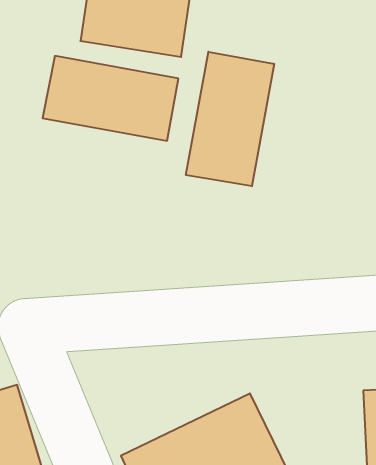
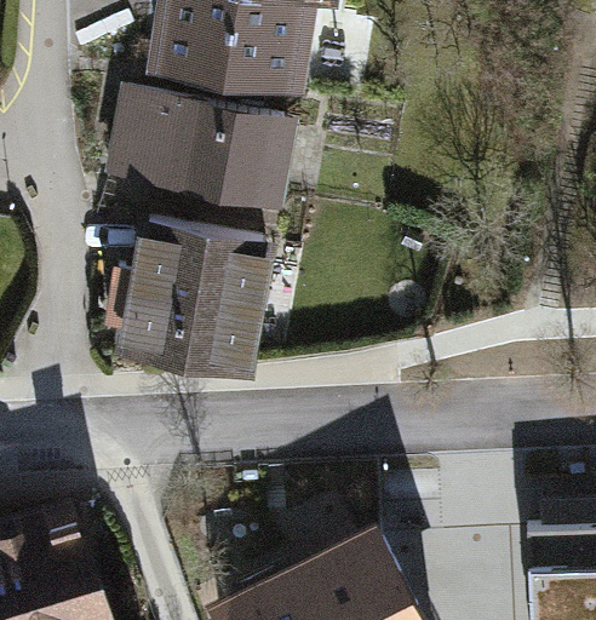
building: [186,52,274,186] -> none
building: none -> [111,224,268,377]

